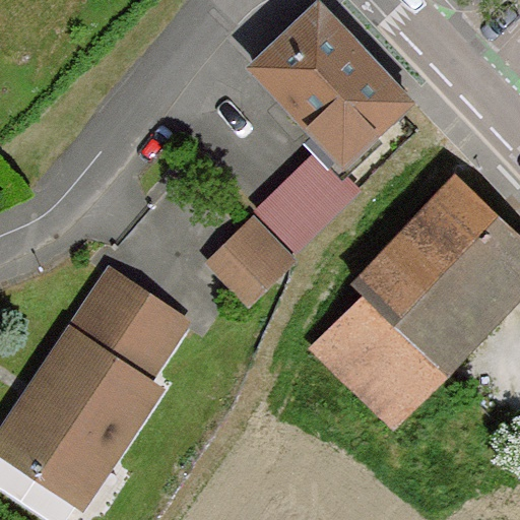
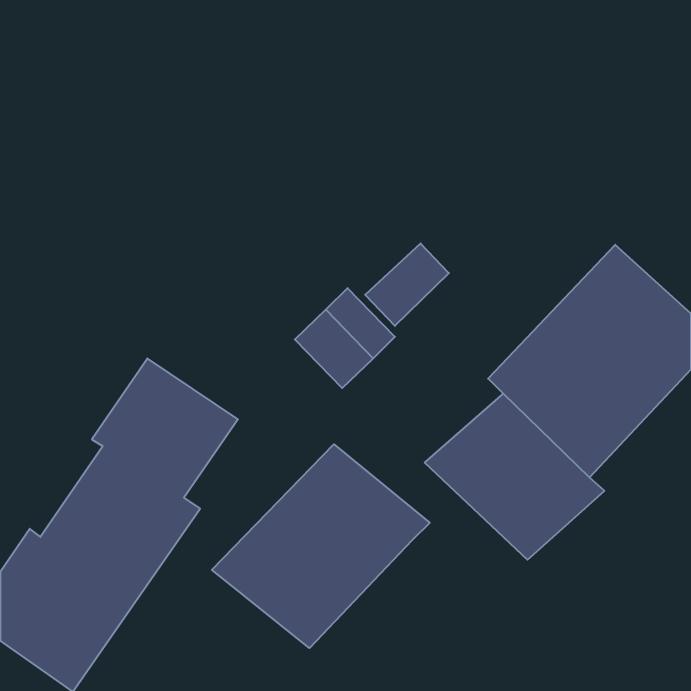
building: [259,18,394,154] -> none
building: none -> [212,444,430,648]

